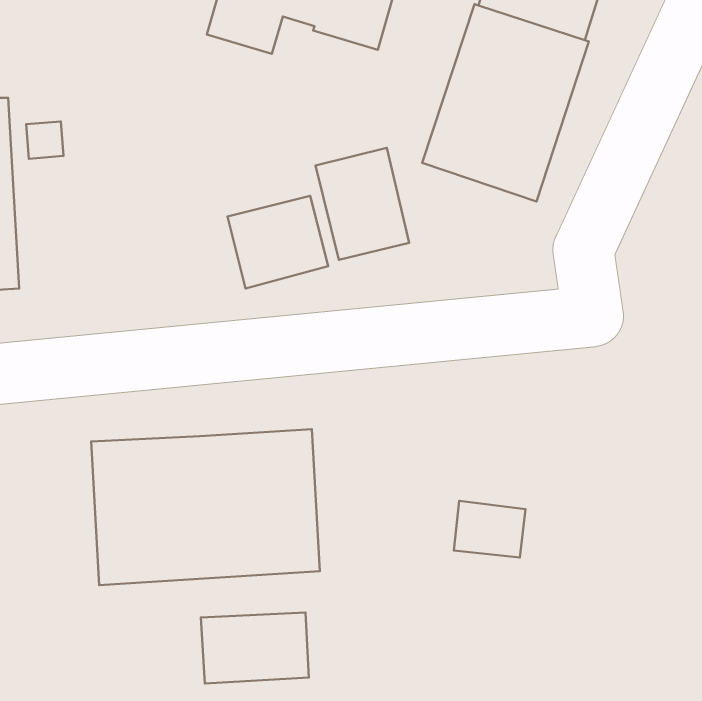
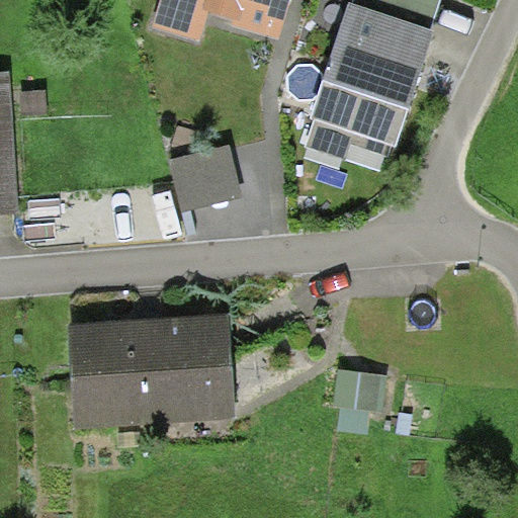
building: [315,148,409,260] -> none
building: [201,613,309,683] -> none

